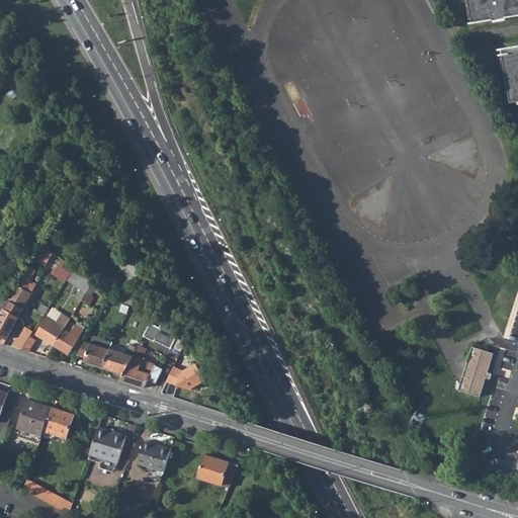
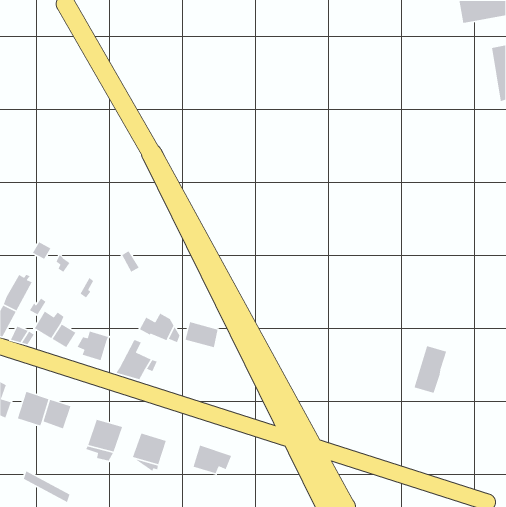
building: [103,344,136,374] -> none
building: [457,349,492,399] -> [413,345,447,394]
building: [168,362,202,390] -> [185,321,218,348]

